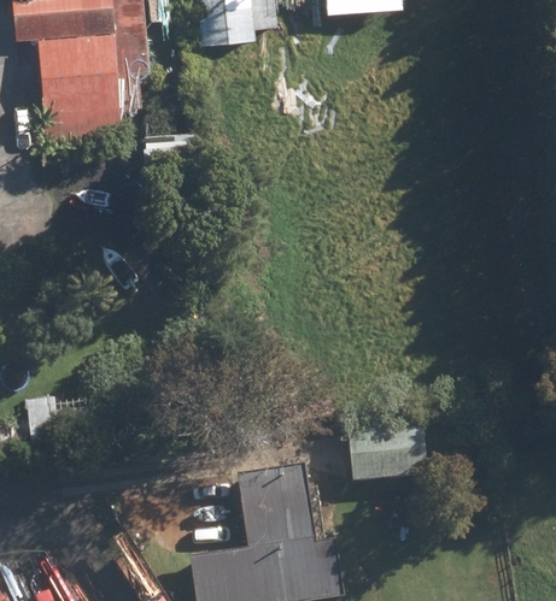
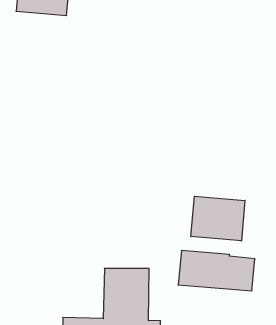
building: none -> [191,196,245,241]

